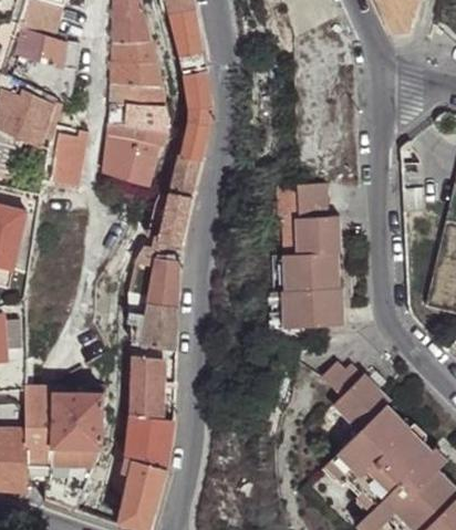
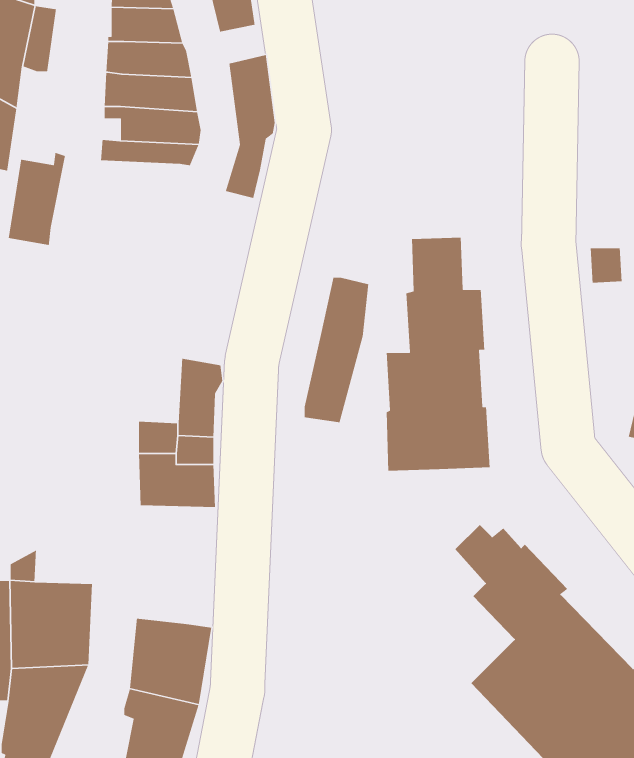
building: [104,136,154,177] -> none
building: [159,155,199,245] -> [304,277,369,423]
building: [127,357,162,419] -> none

